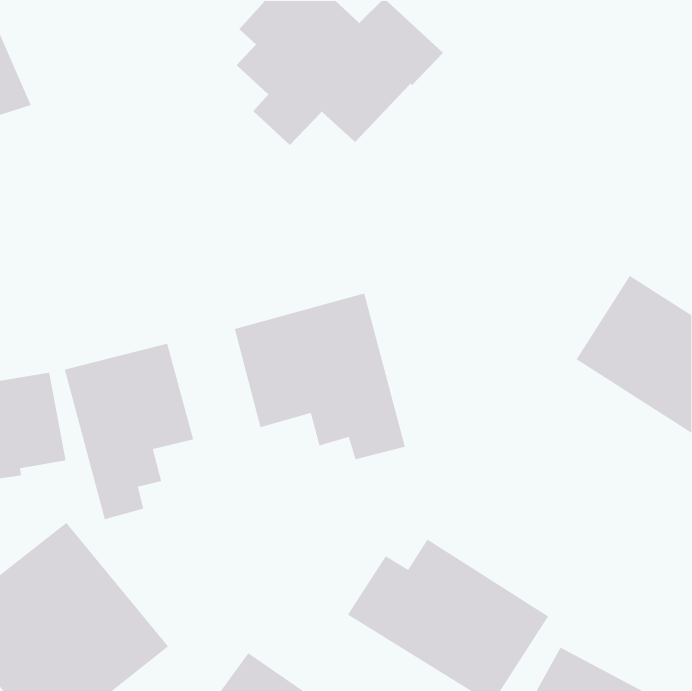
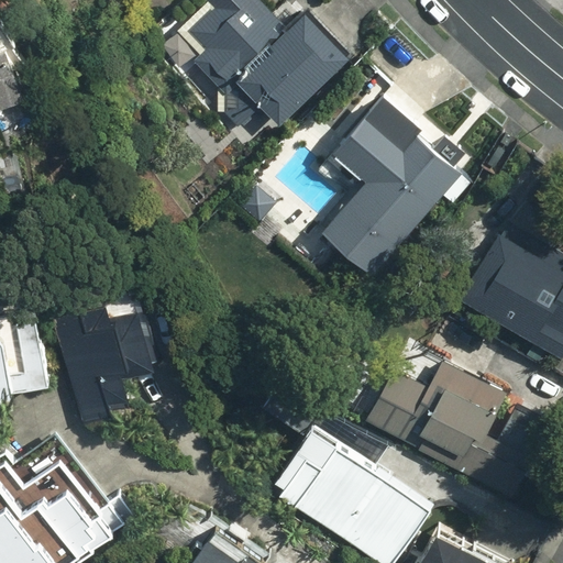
building: none -> [324,110,462,273]
building: [234,292,406,460] -> none
building: none -> [365,358,530,504]

